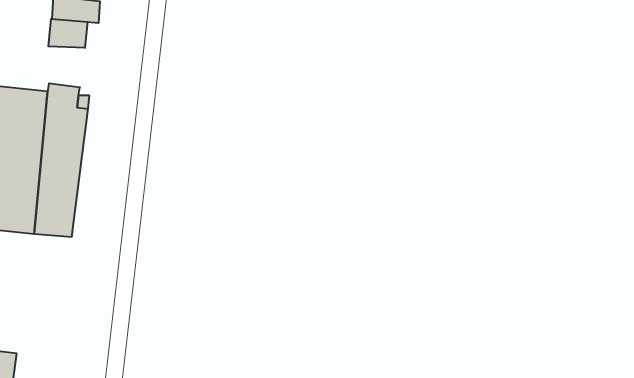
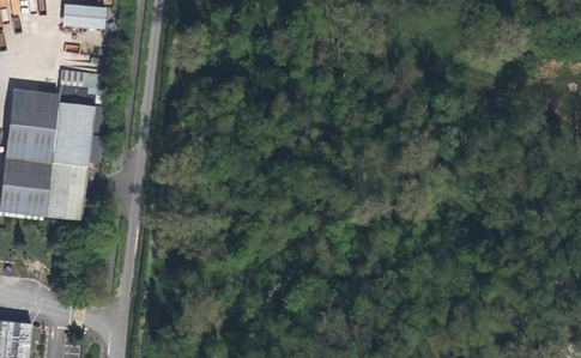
building: [48,19,88,48] -> none

